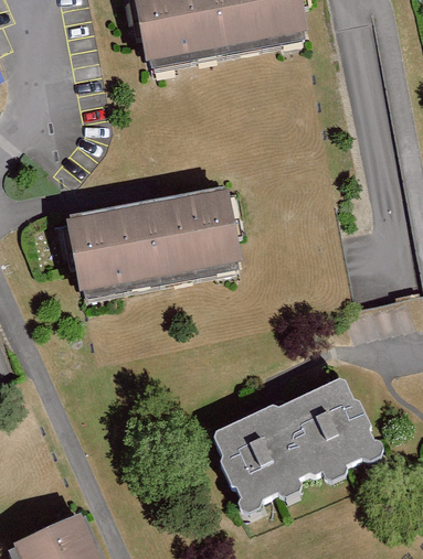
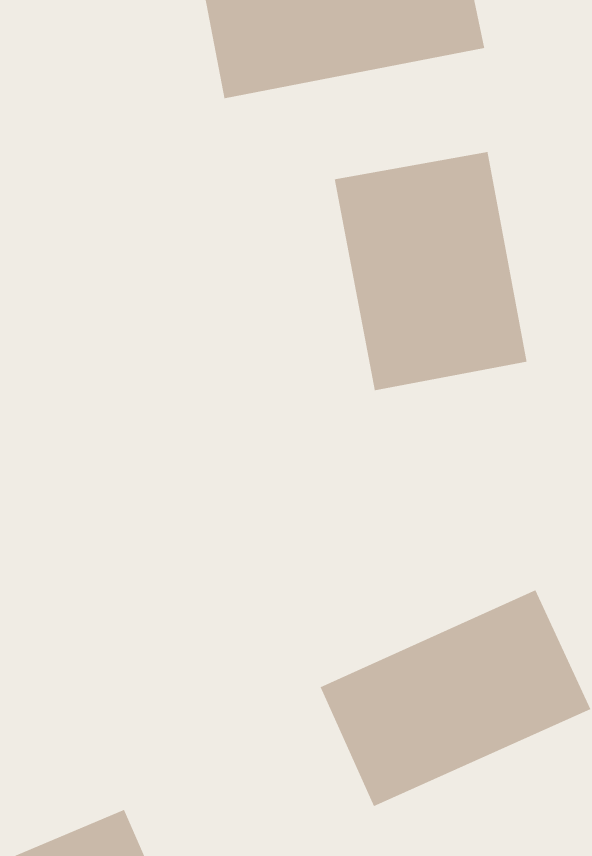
building: none -> [334,151,527,391]
building: [64,186,243,295] -> none

